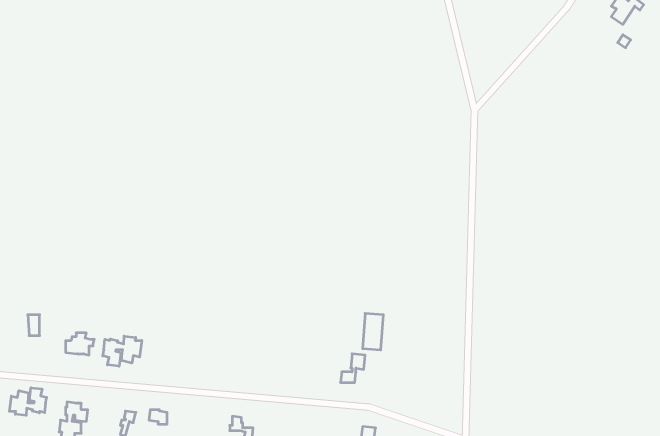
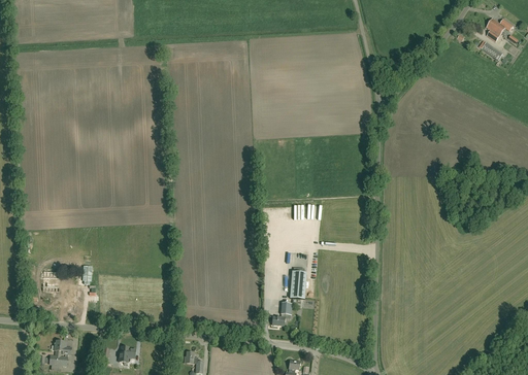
building: [103,336,142,366] -> none
building: [9,388,47,415] -> none

